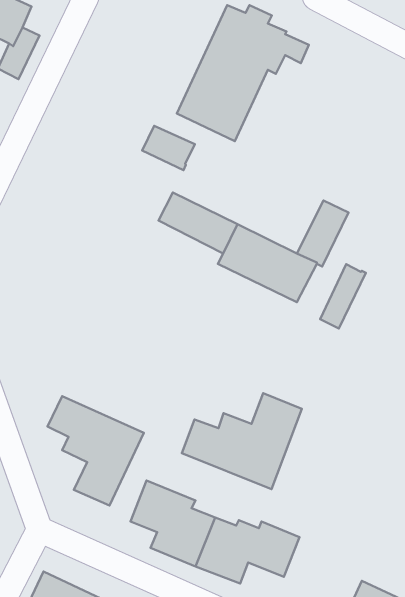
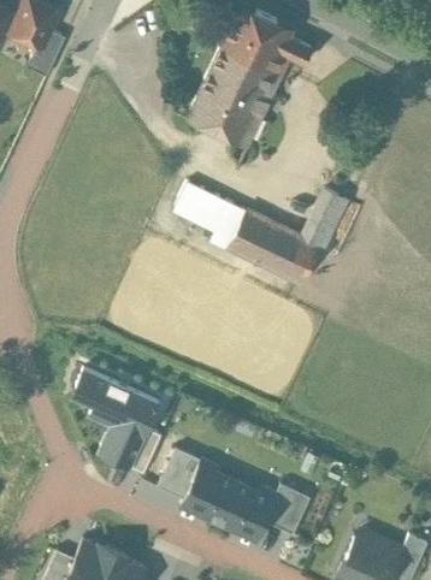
building: [142,126,195,170] -> none
building: [320,264,366,329] -> none
building: [182,393,302,489] -> none

